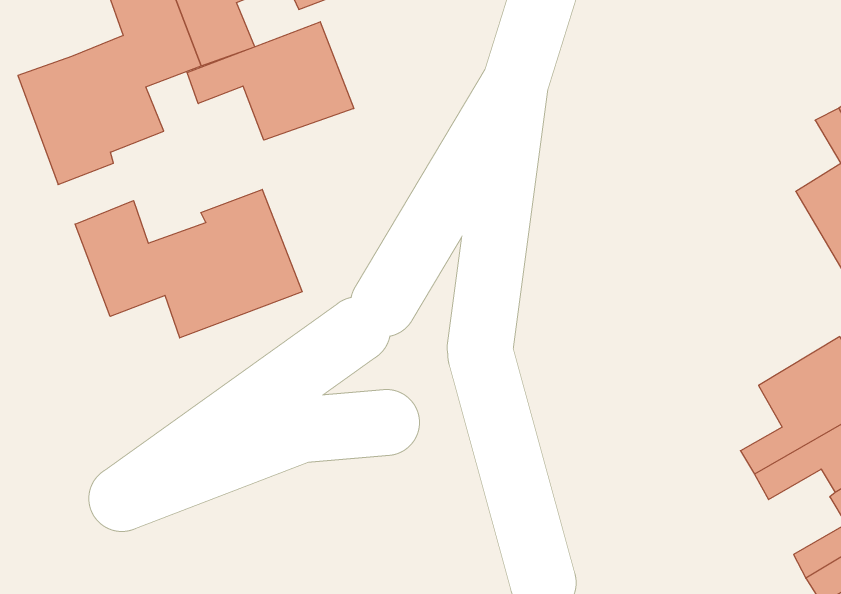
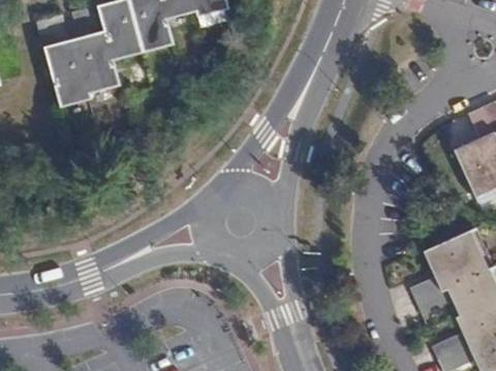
building: [187,22,354,140] -> none
building: [75,189,302,338] -> none

